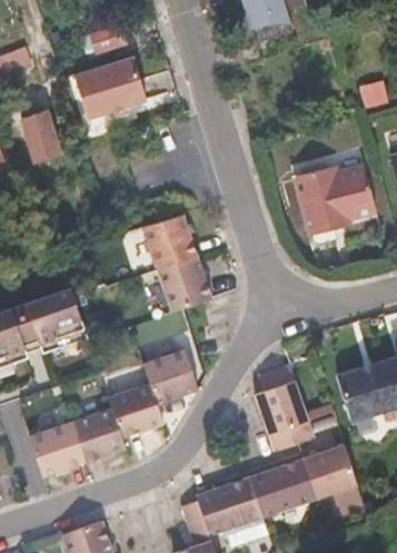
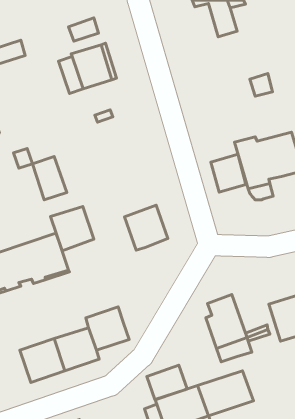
building: [21,118,63,171] -> [33,157,67,200]
building: none -> [211,154,246,192]
building: [142,215,196,269] -> [51,207,94,251]
building: [140,339,196,401] -> none
building: [302,445,357,496] -> none
building: none -> [147,365,187,400]

